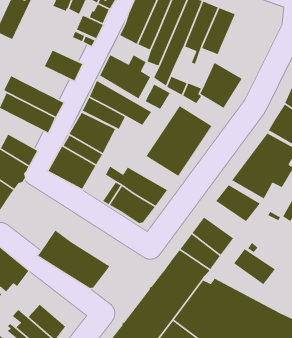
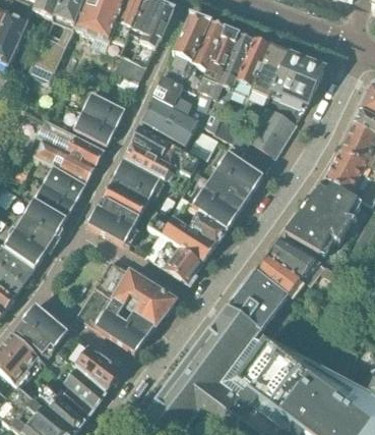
building: none -> [273,51,325,102]
building: none -> [153,74,184,105]
building: none -> [73,108,116,143]
building: none -> [44,163,87,199]
building: none -> [188,209,228,241]
building: none -> [95,258,173,324]
building: [233,248,276,285] -> [255,254,301,293]
building: none -> [69,340,121,389]

